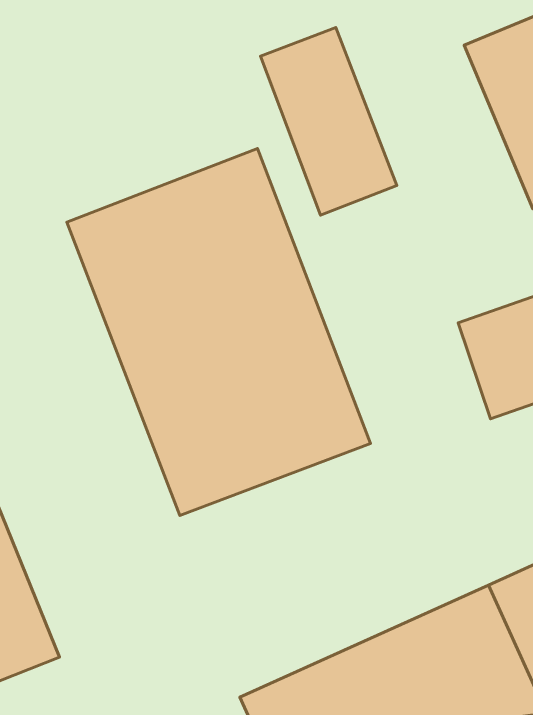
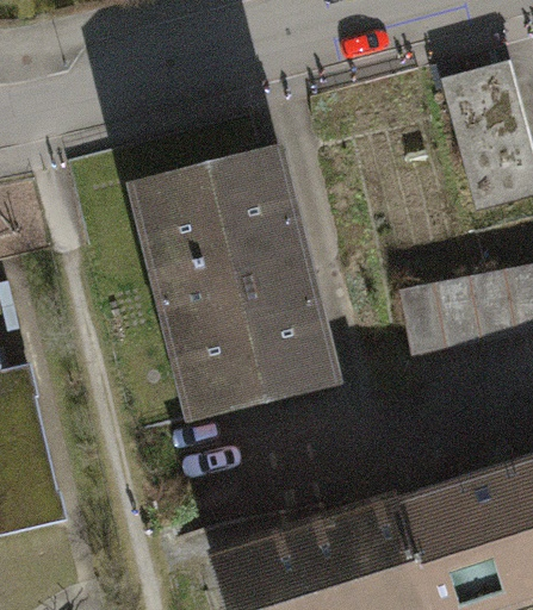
building: [260,28,397,215] -> none

